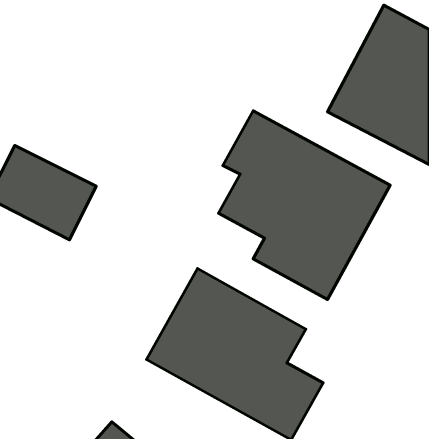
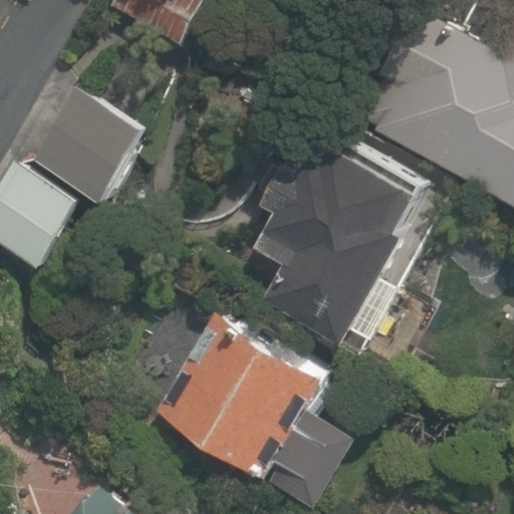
building: none -> [41,95,170,218]

